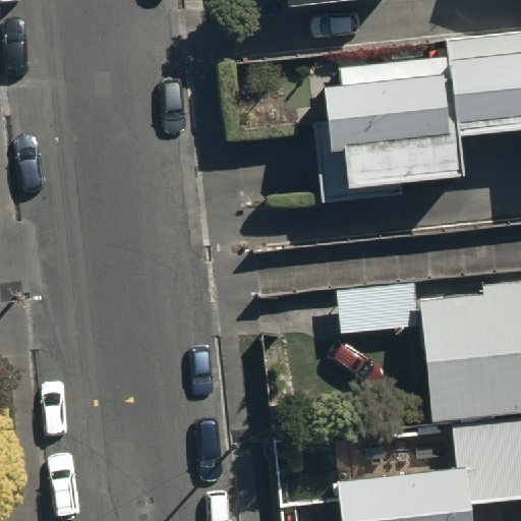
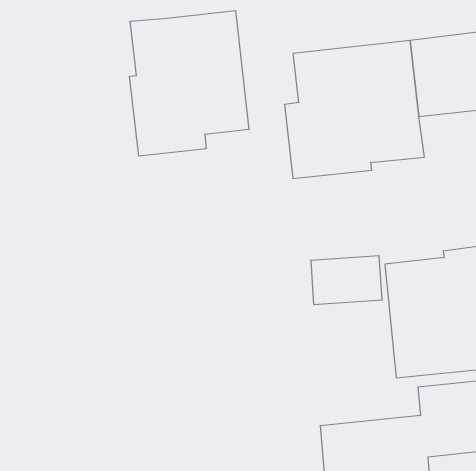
building: none -> [130,11,249,156]

